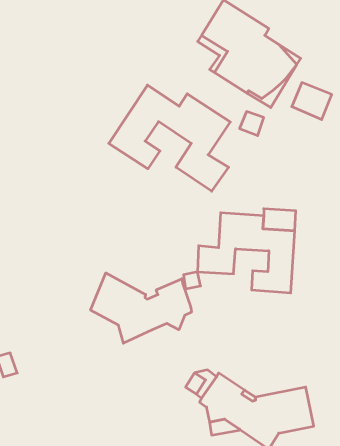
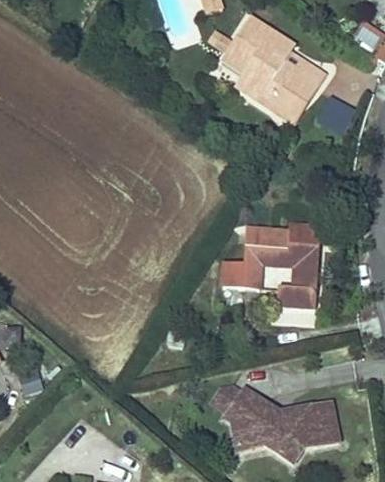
building: [109,85,230,191] -> none
building: [91,273,191,343] -> none

